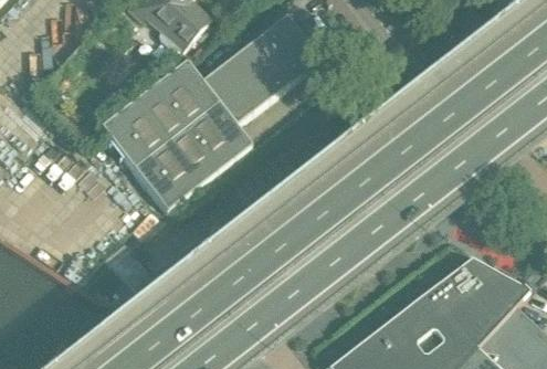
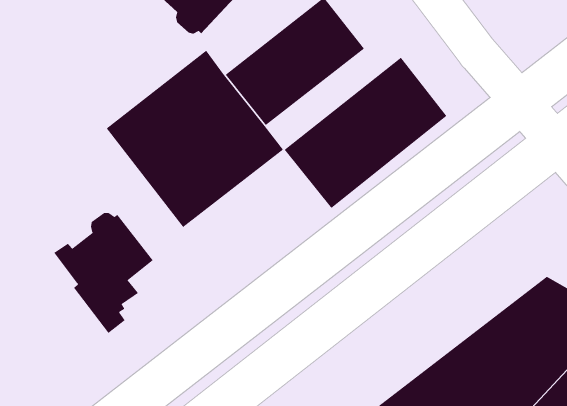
building: none -> [284,57,447,209]
building: none -> [53,212,153,334]

